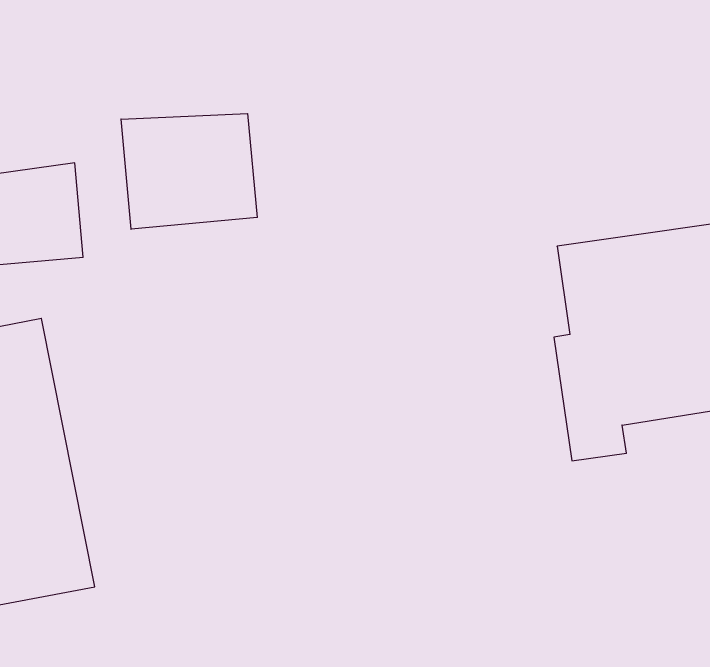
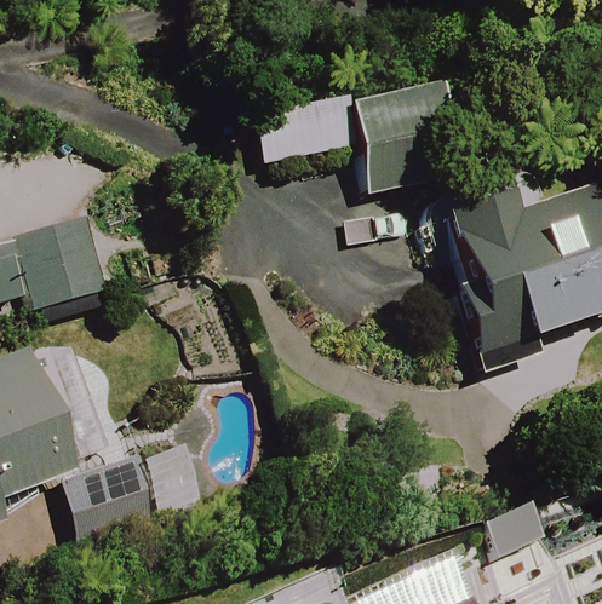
building: none -> [252,86,435,196]
building: [121,114,257,229] -> none

